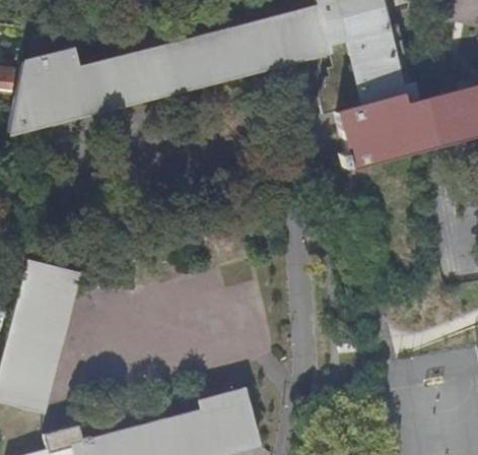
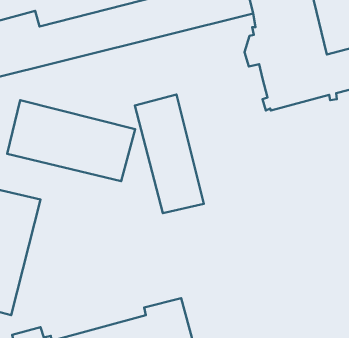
building: none -> [135,95,204,213]
building: none -> [7,100,135,181]

